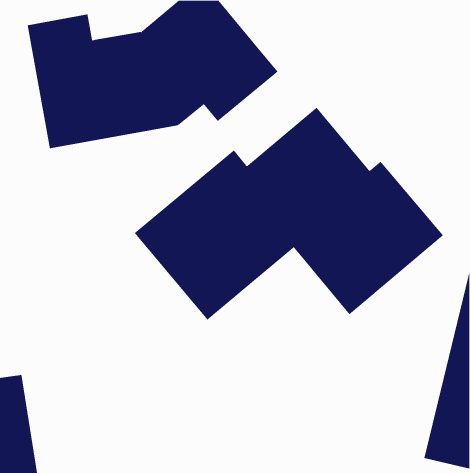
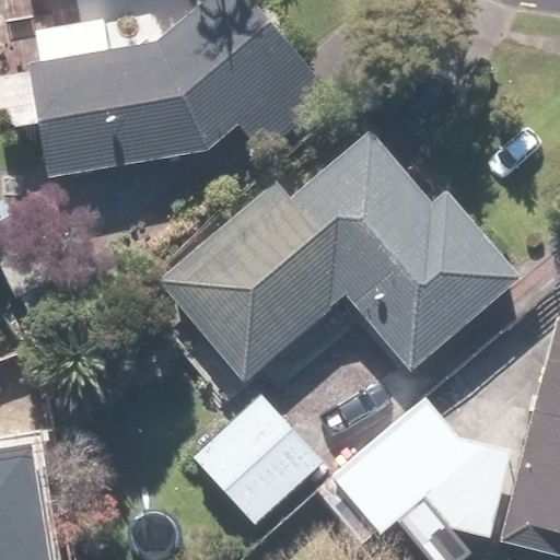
building: none -> [328,394,513,538]
building: none -> [194,396,326,528]

